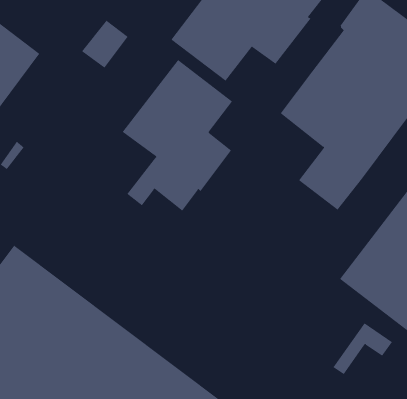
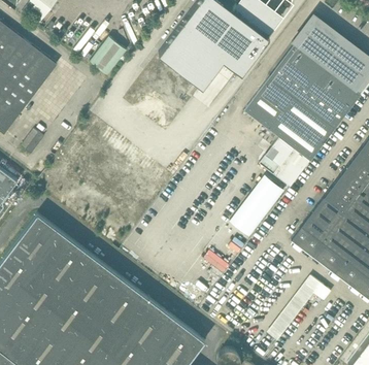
building: [122,59,233,211] -> none
building: none -> [230,176,284,237]

